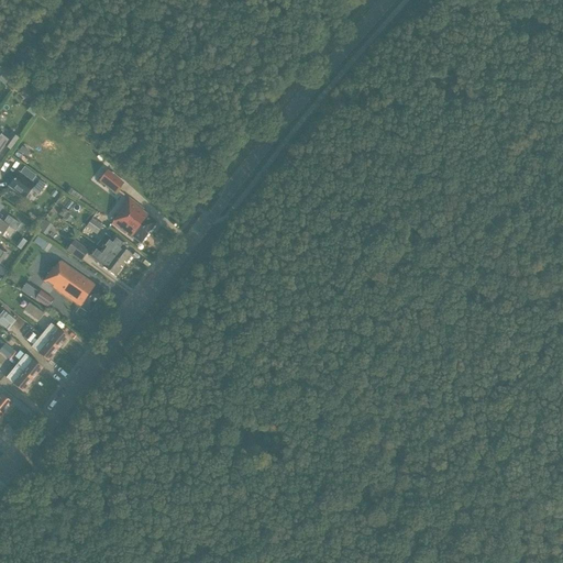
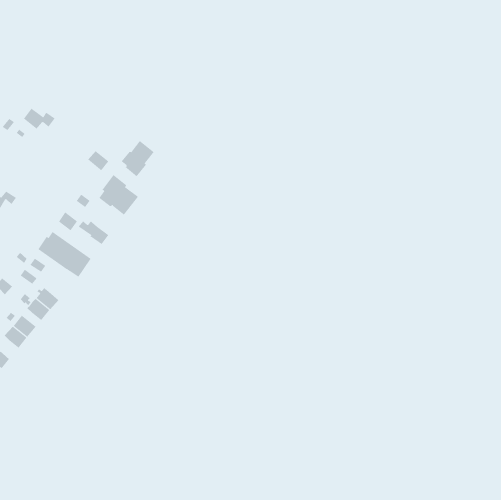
building: none -> [121,140,155,177]
building: [8,170,44,195] -> [23,108,56,129]
building: [101,233,131,263] -> none

